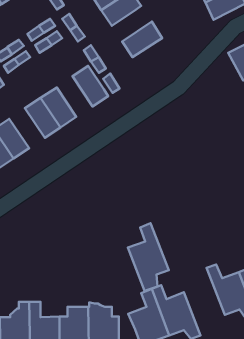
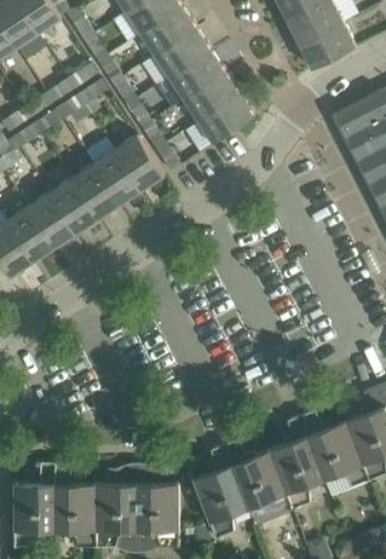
building: none -> [169,50,225,99]
building: none -> [198,94,254,143]
building: none -> [93,148,143,204]
building: none -> [27,192,76,248]
building: [128,223,169,291] -> [270,415,327,509]

